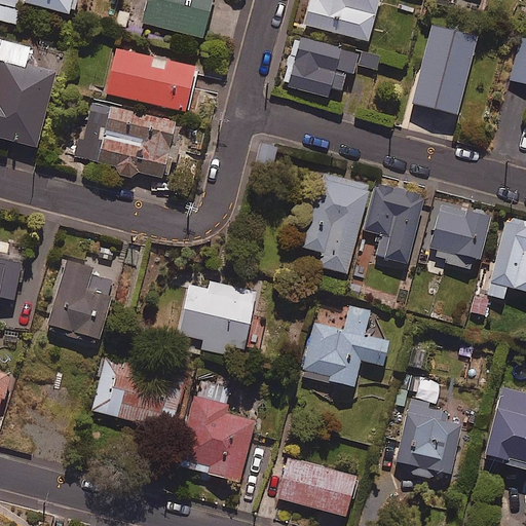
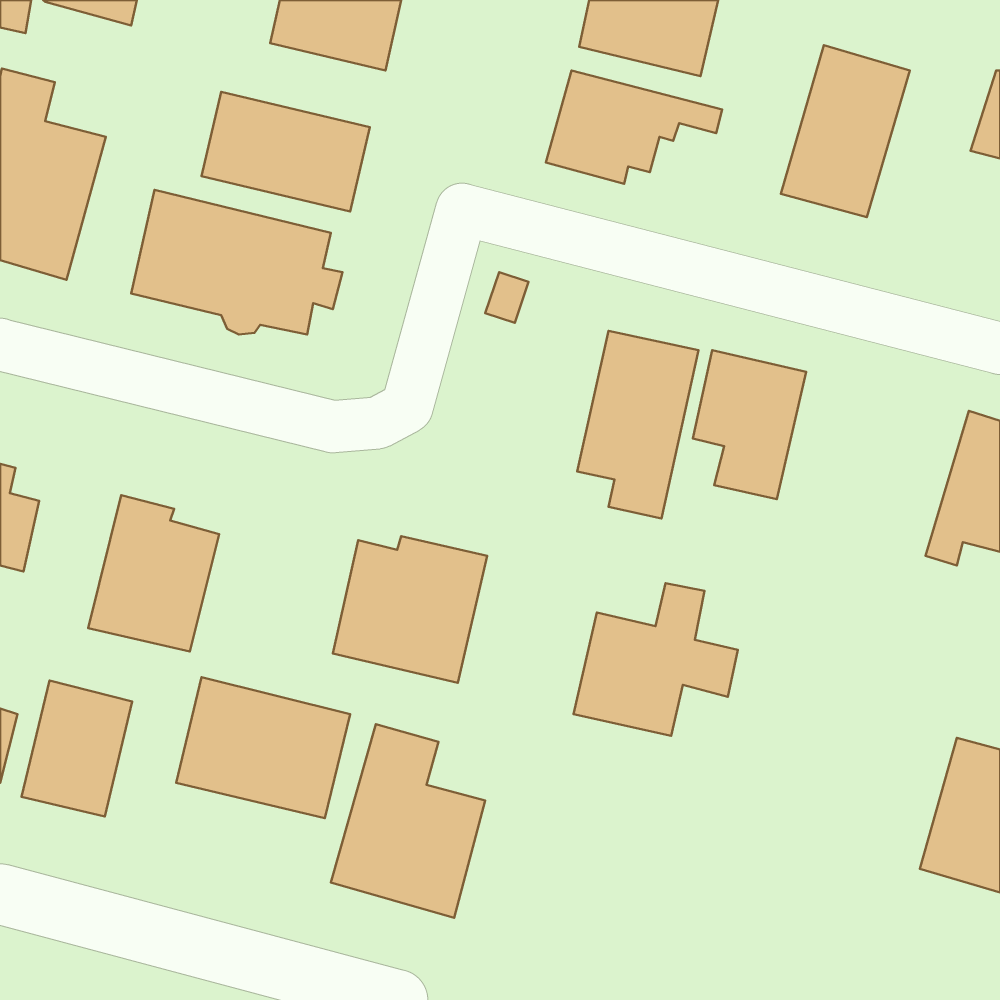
building: [429,201,490,270] -> none
building: none -> [22,681,132,816]
building: [394,399,461,476] -> none
building: [277,457,355,516] -> none

